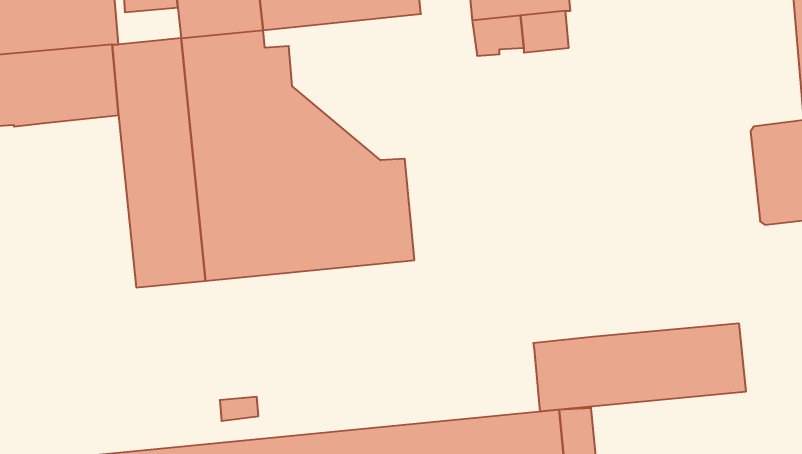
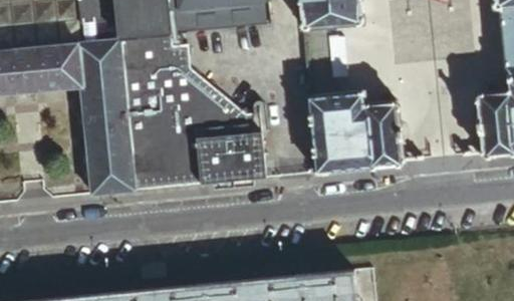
building: none -> [309,91,403,172]
building: [533,323,746,412] -> none

